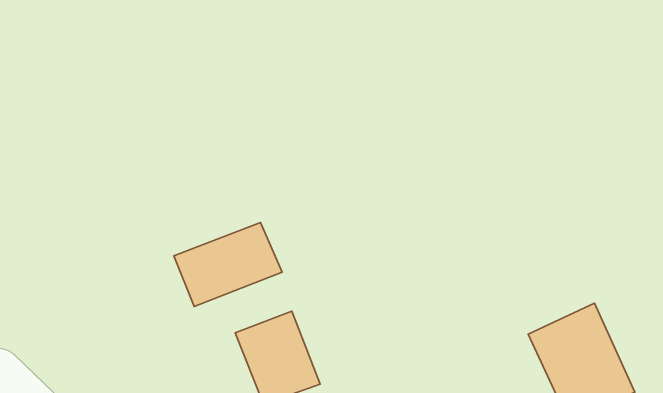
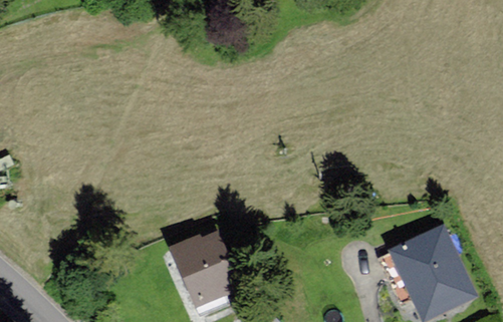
building: [174,222,282,307] -> none

